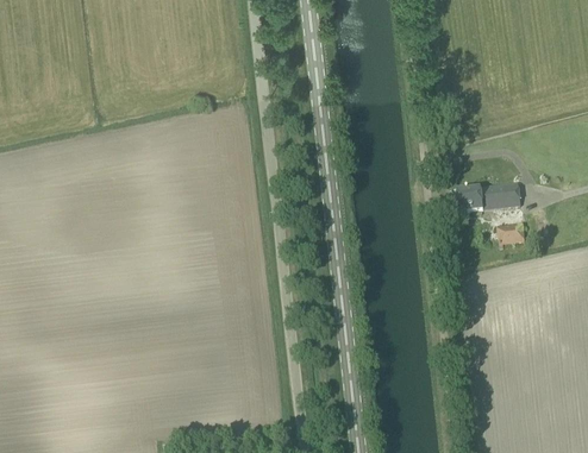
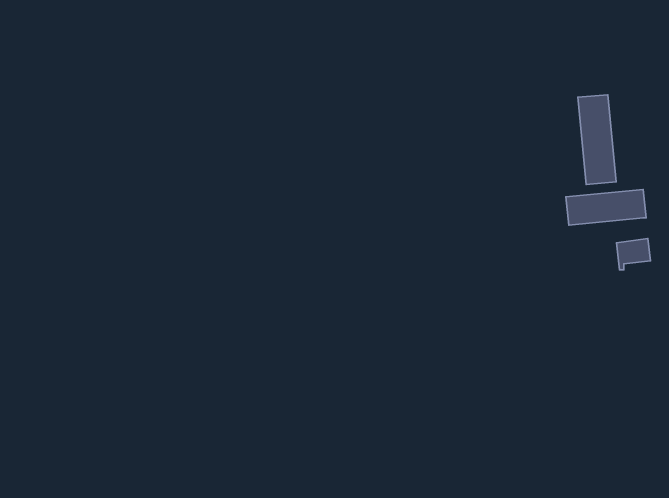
building: none -> [578,95,616,184]

